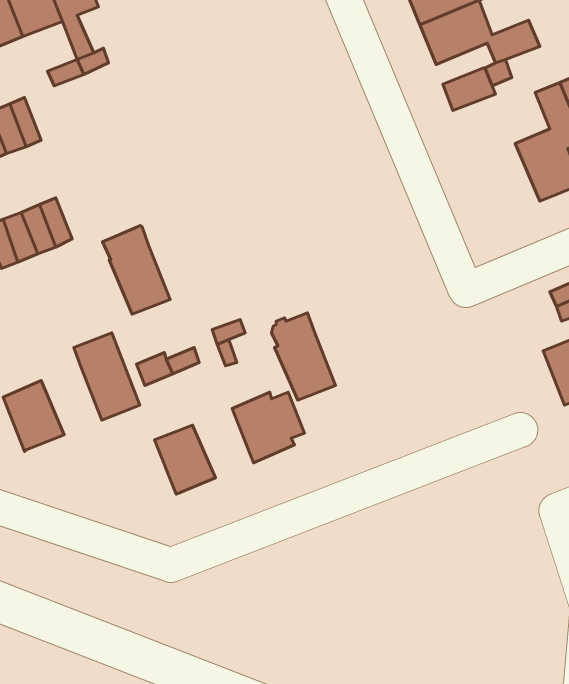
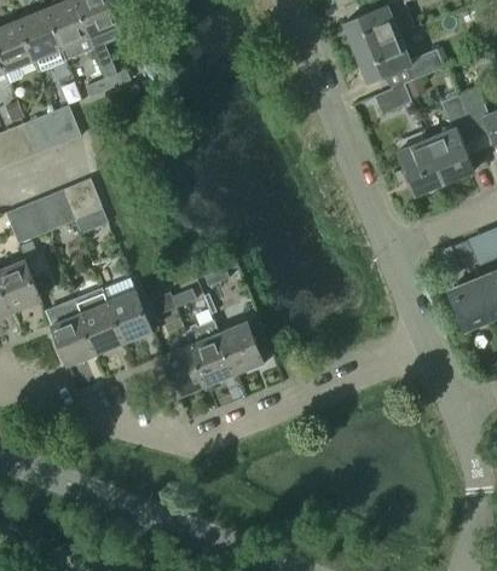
building: none -> [397,139,445,195]
building: [103,225,170,314] -> [74,288,123,353]
building: [271,313,336,400] -> [187,321,235,385]

